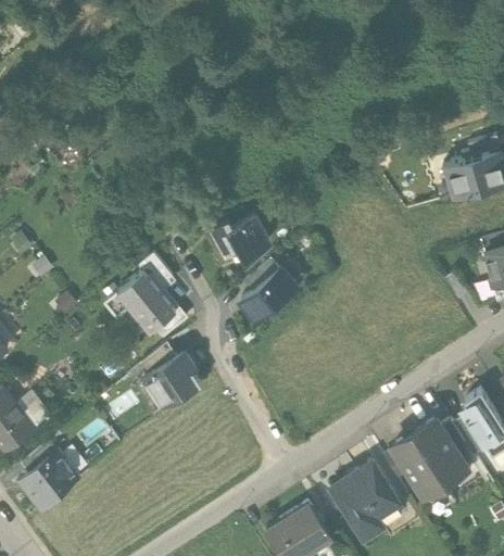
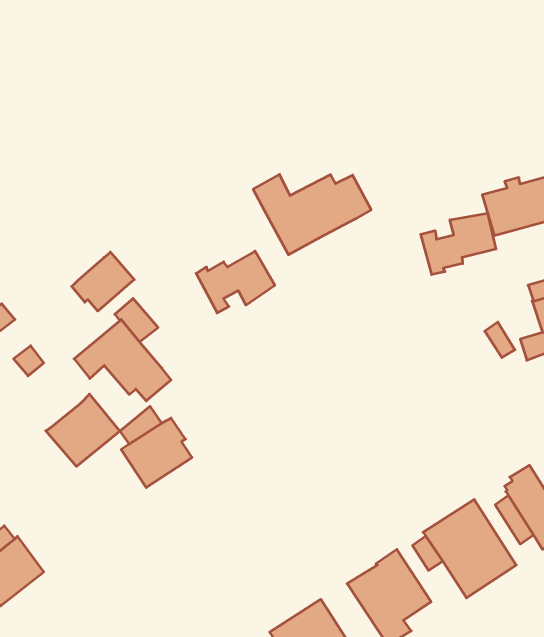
building: none -> [253,174,371,255]
building: none -> [421,213,496,275]
building: none -> [72,252,134,311]
building: [241,267,294,317] -> none
building: none -> [46,394,120,466]

